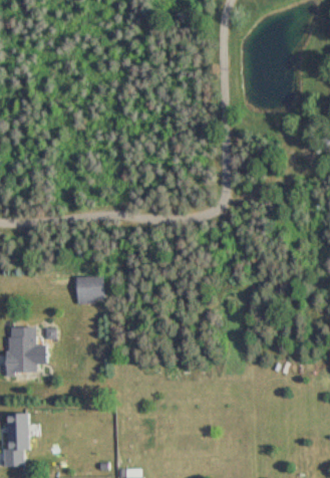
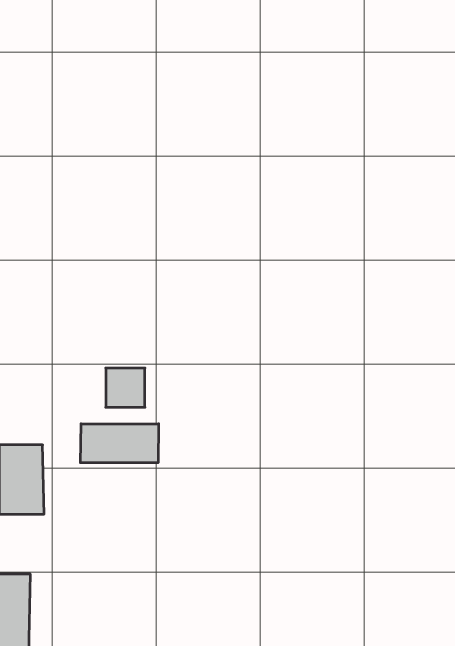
building: none -> [80,424,159,463]

